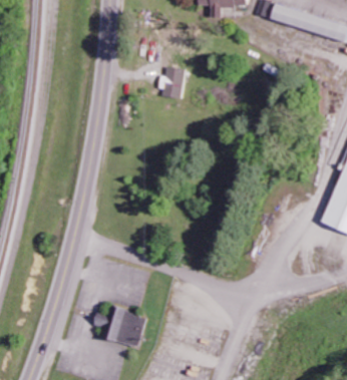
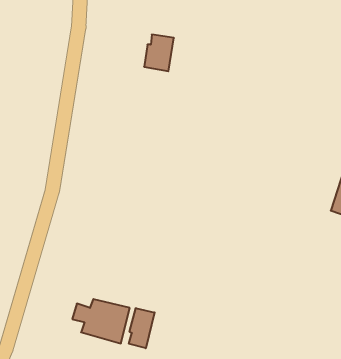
building: none -> [129,308,155,348]

